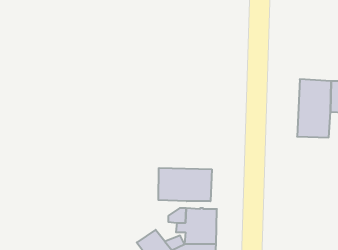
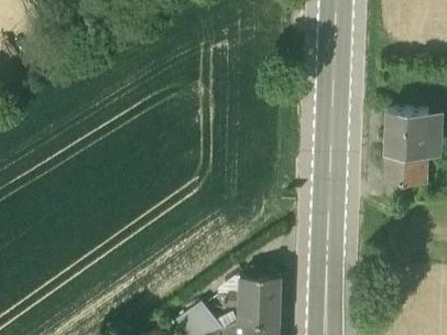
building: [158,168,212,201] -> none

